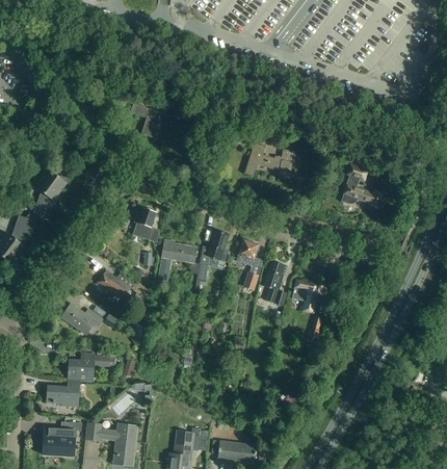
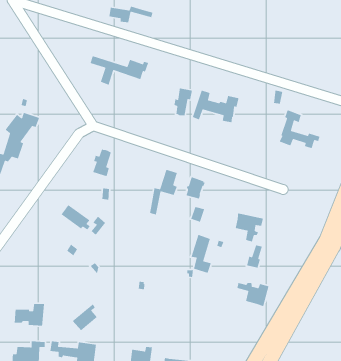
building: none -> [108,6,153,23]
building: none -> [173,88,193,116]
building: [157,242,200,285] -> none
building: [263,261,287,306] -> [190,234,212,274]
building: [61,305,103,335] -> none
building: [68,354,114,383] -> none
building: none -> [237,282,269,307]

